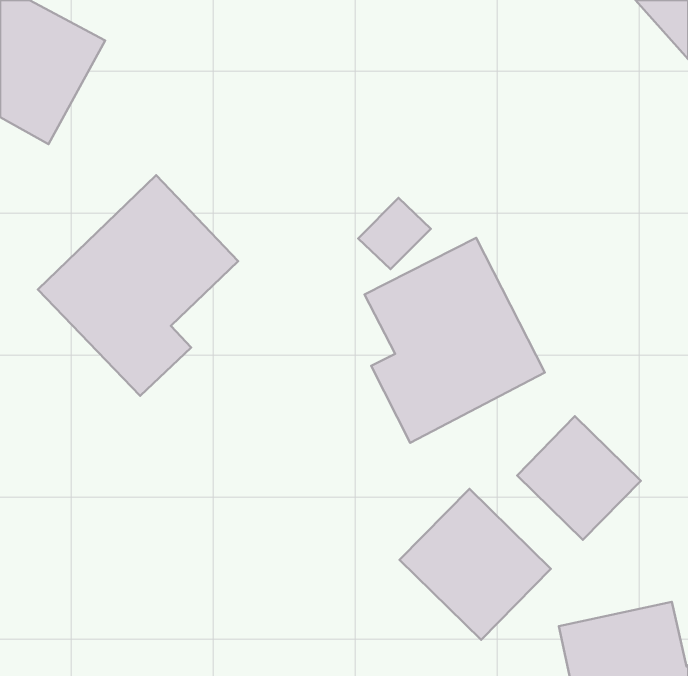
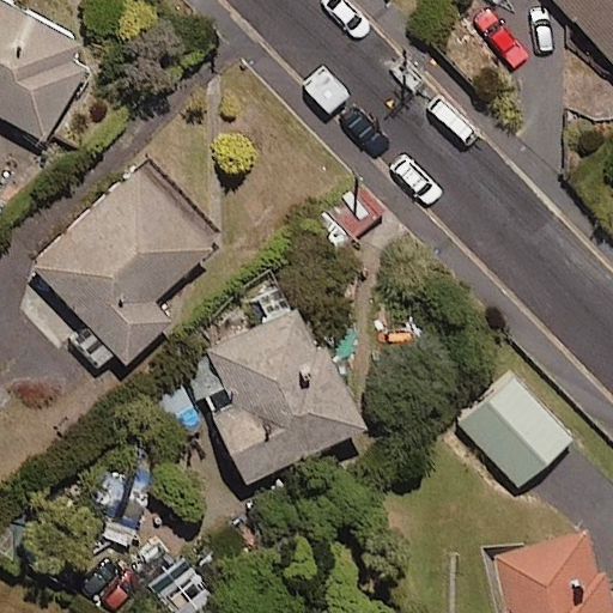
building: [364,238,545,443] -> [204,301,364,482]
building: [400,489,551,640] -> none

